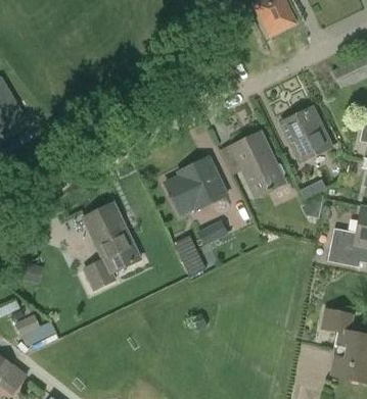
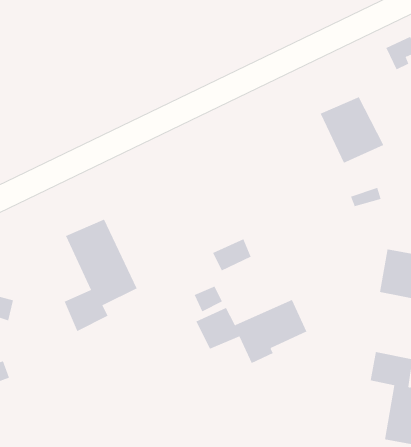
building: [231,133,285,196] -> none
building: [166,159,225,215] -> none
building: none -> [196,299,307,364]

